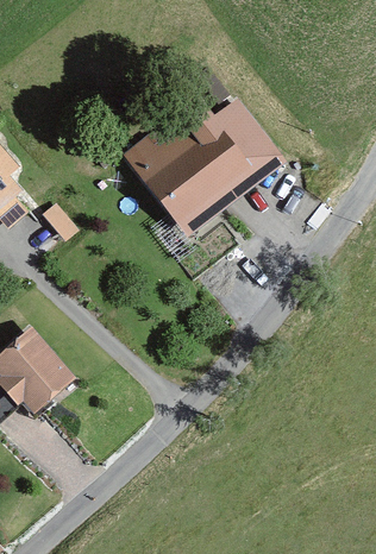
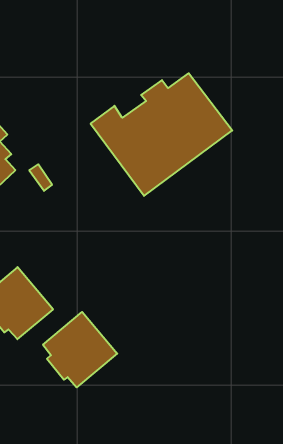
building: none -> [43,312,117,387]

